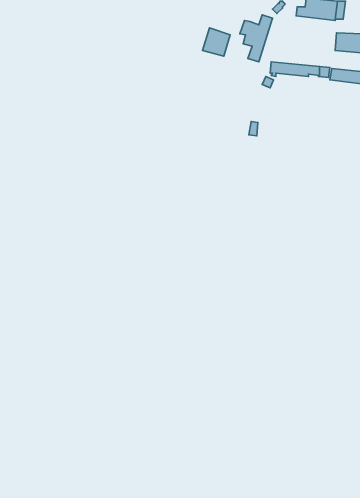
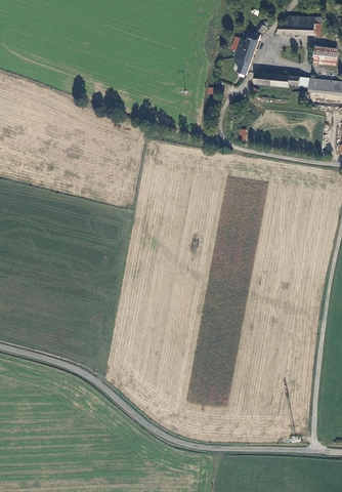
building: [203,28,230,56] -> none

